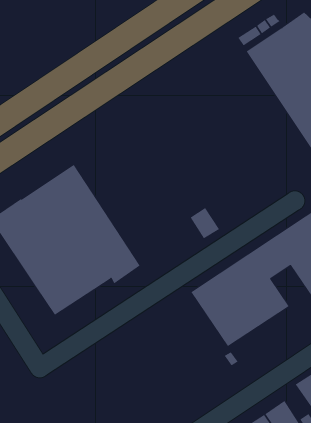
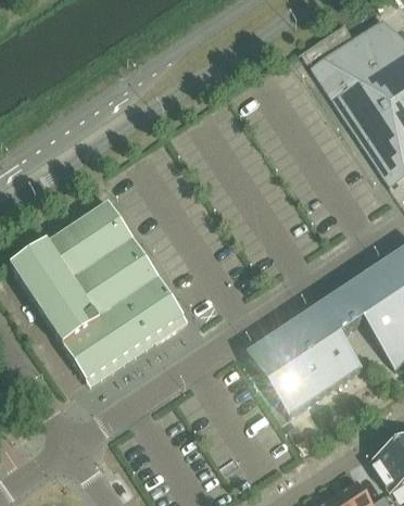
building: [190,207,220,239] -> none

